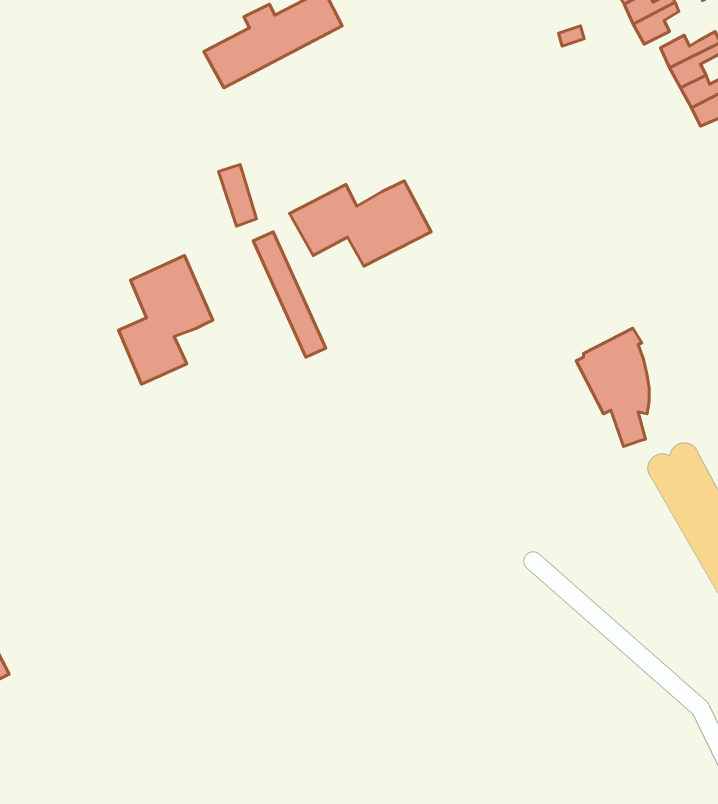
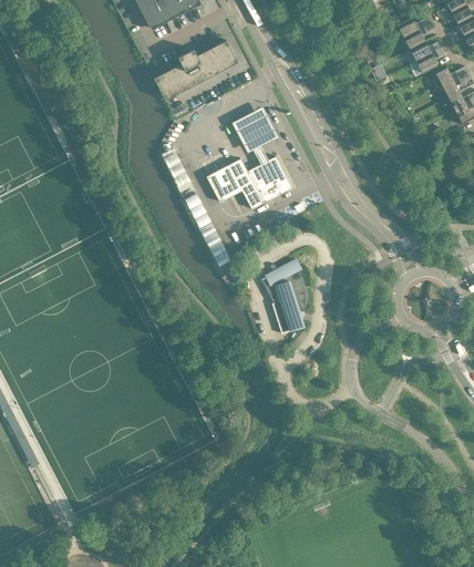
building: none -> [234,103,278,163]
building: [118,255,213,384] -> none
building: [576,328,649,446] -> [261,259,306,331]

